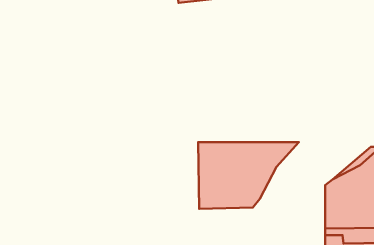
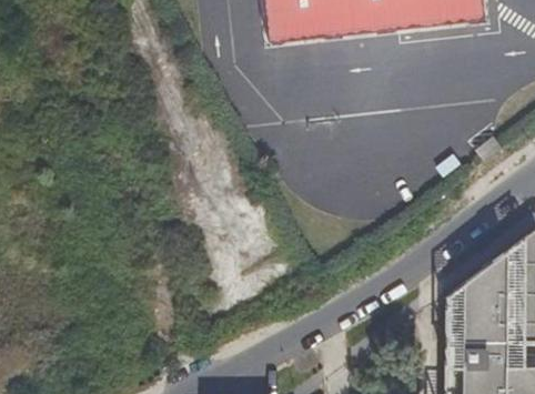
building: [198,142,299,209] -> none

